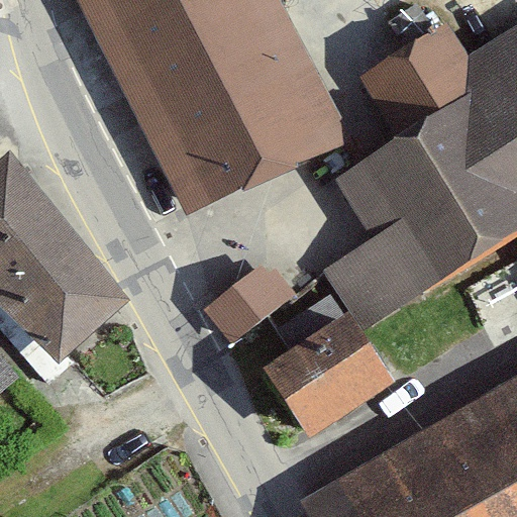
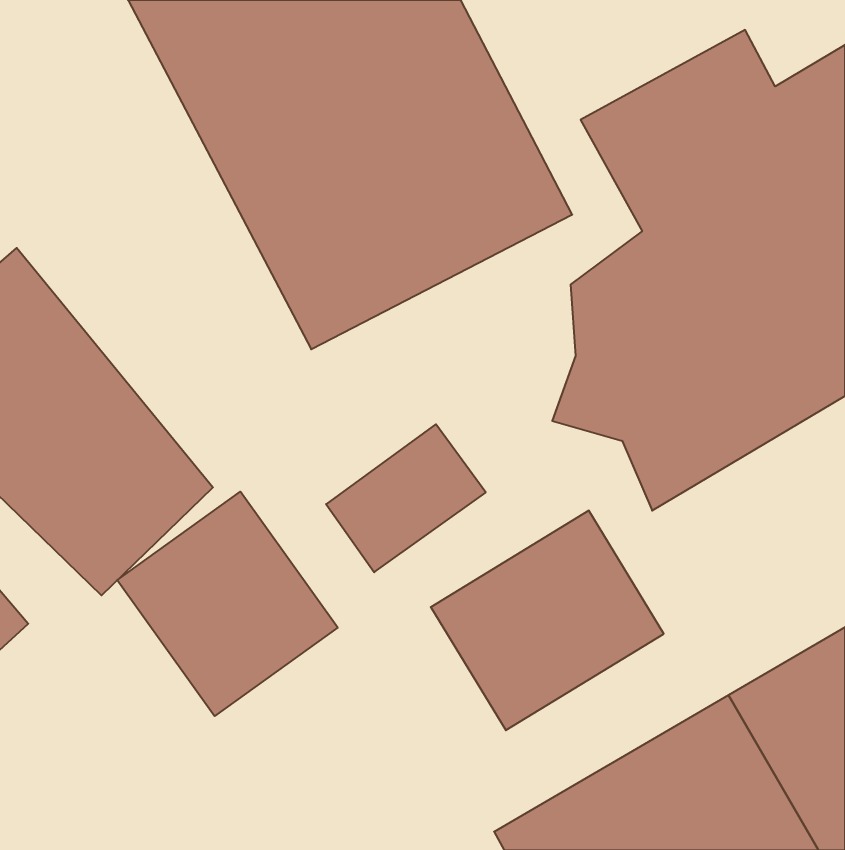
building: none -> [117,492,338,716]

